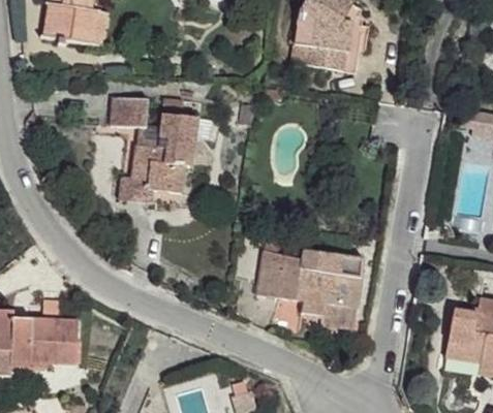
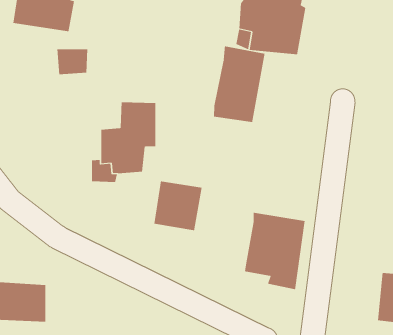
building: none -> [214,45,265,123]
building: [113,105,147,133] -> [57,49,88,75]
building: [251,245,304,298] -> [154,181,202,231]

